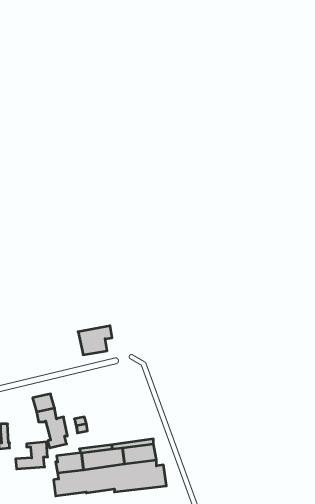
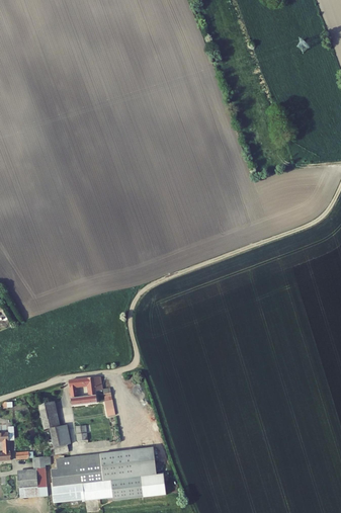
building: [78,326,112,355] -> [66,374,100,404]
building: none -> [17,474,47,493]

